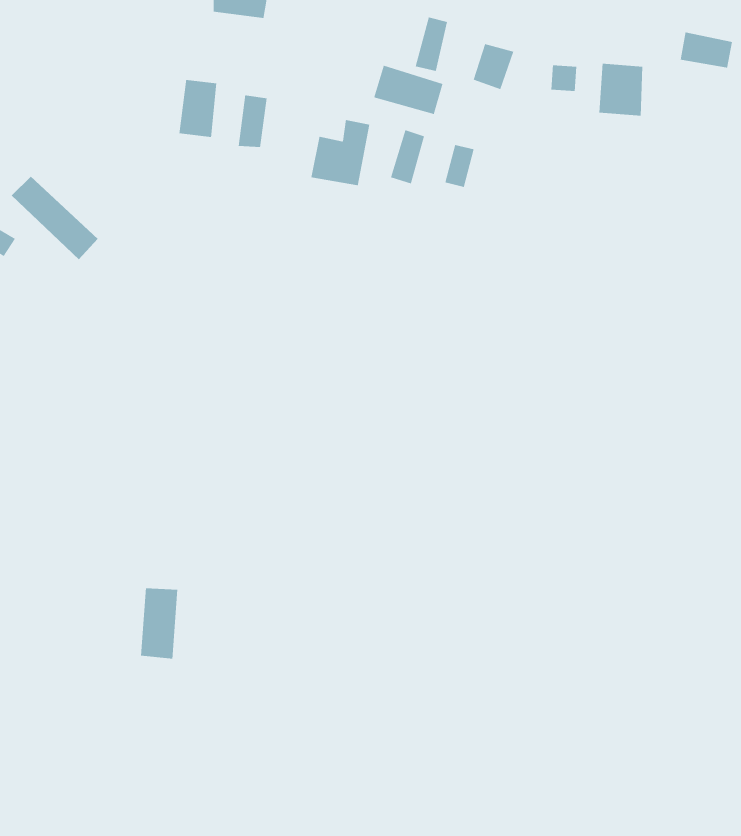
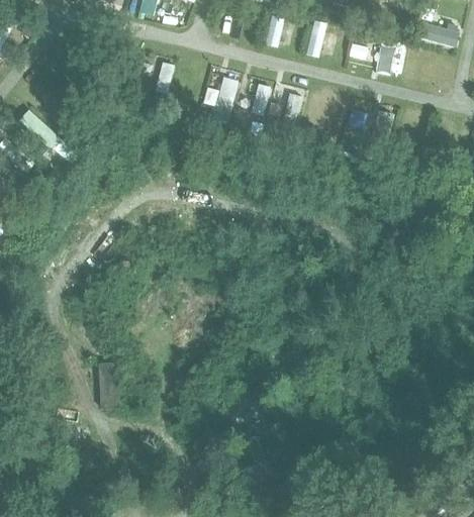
building: [373,65,443,115] -> none
building: [179,79,217,138] -> none

